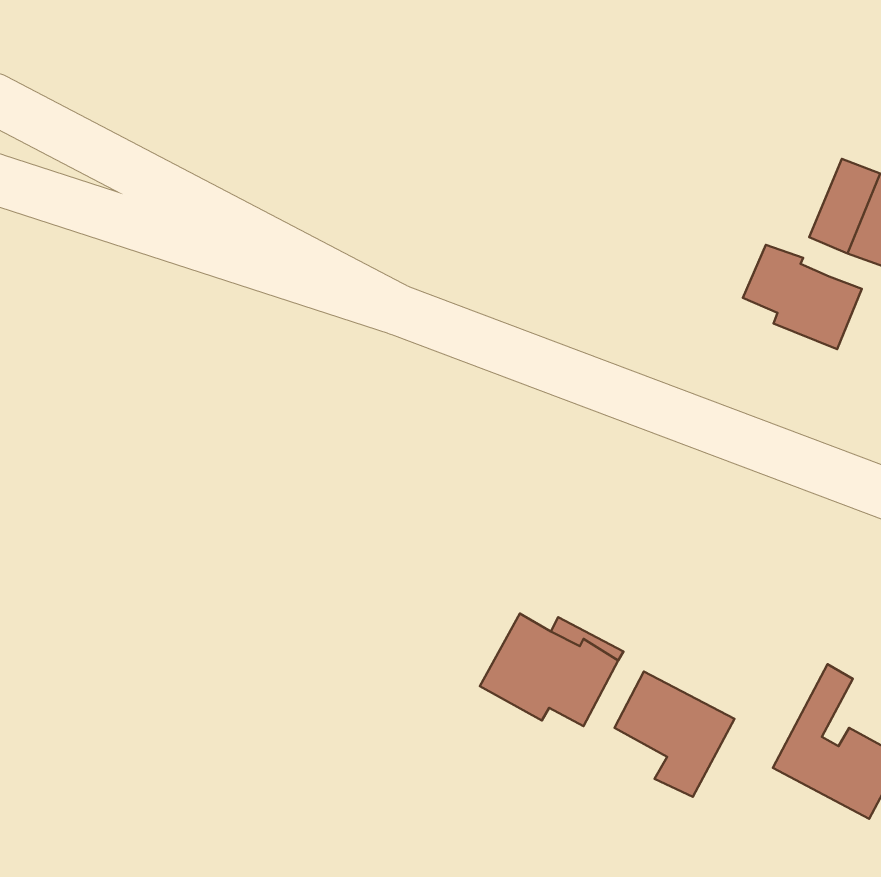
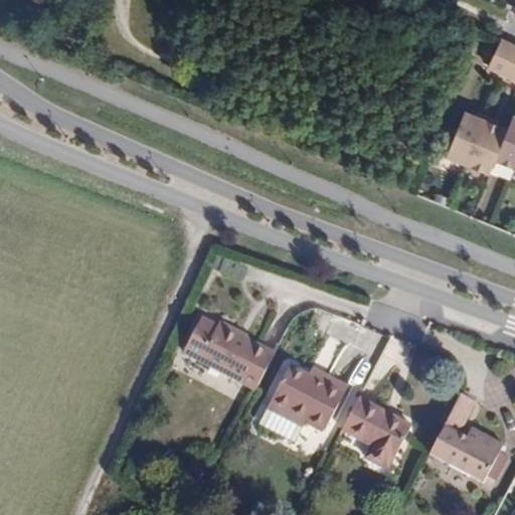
building: [743,245,862,349] -> none
building: none -> [183,317,274,389]

